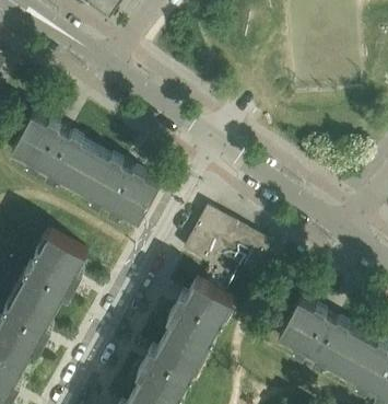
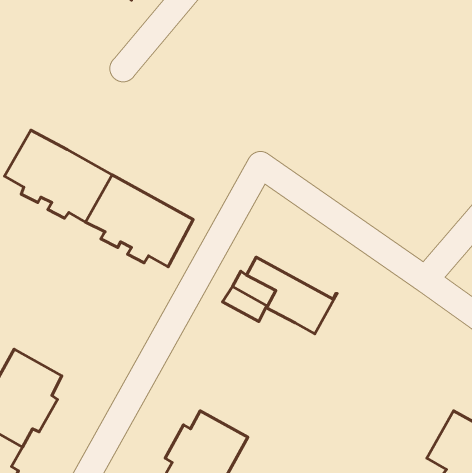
building: [20,231,87,307] -> none
building: [165,278,233,355] -> none
building: [279,299,363,371] -> none

